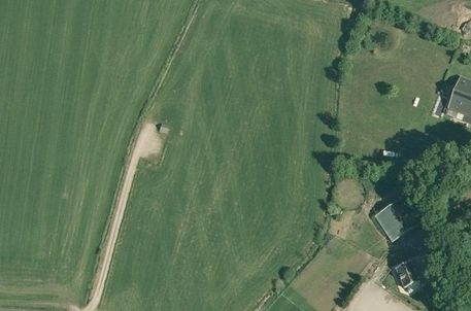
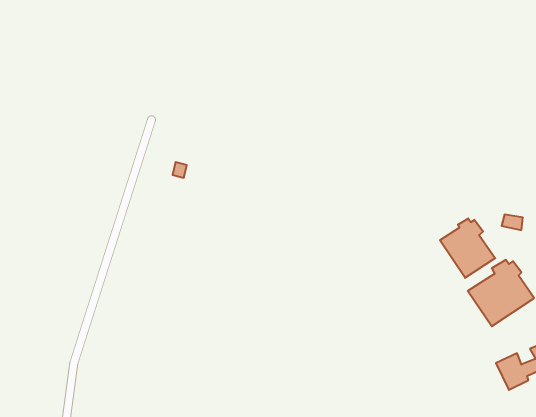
building: none -> [440,218,495,278]

